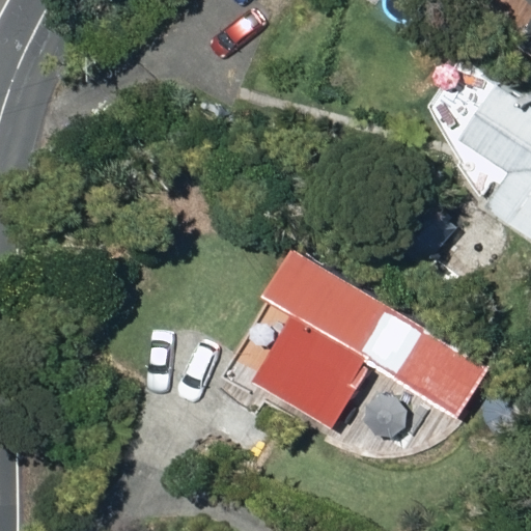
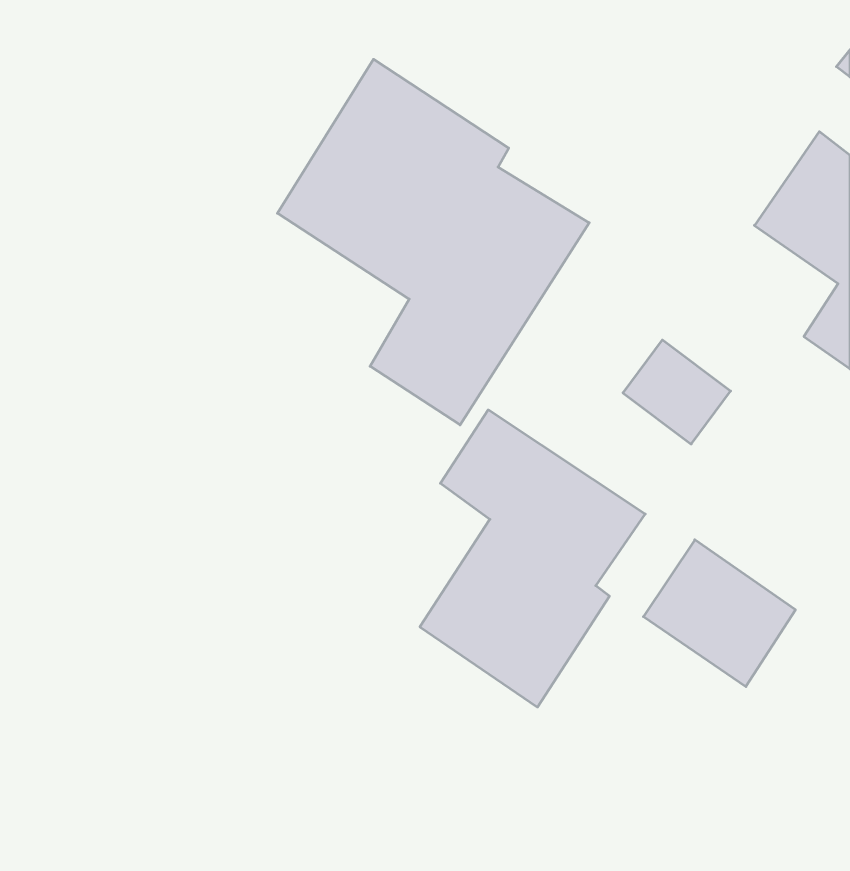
building: none -> [277,59,589,425]

